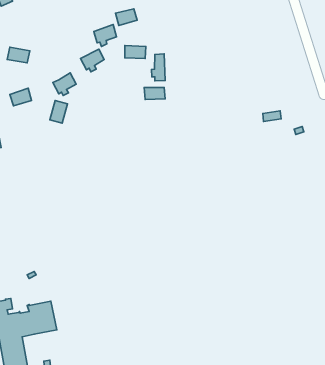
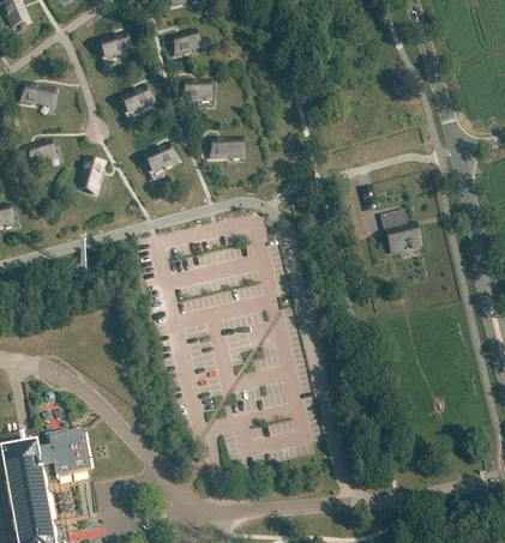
building: [94,25,116,46] -> [101,34,132,64]
building: [151,54,165,81] -> none
building: [53,73,76,96] -> [145,144,178,175]
building: none -> [386,210,419,249]

